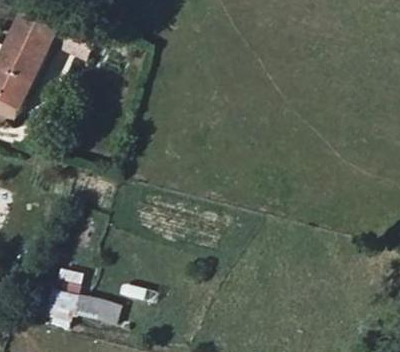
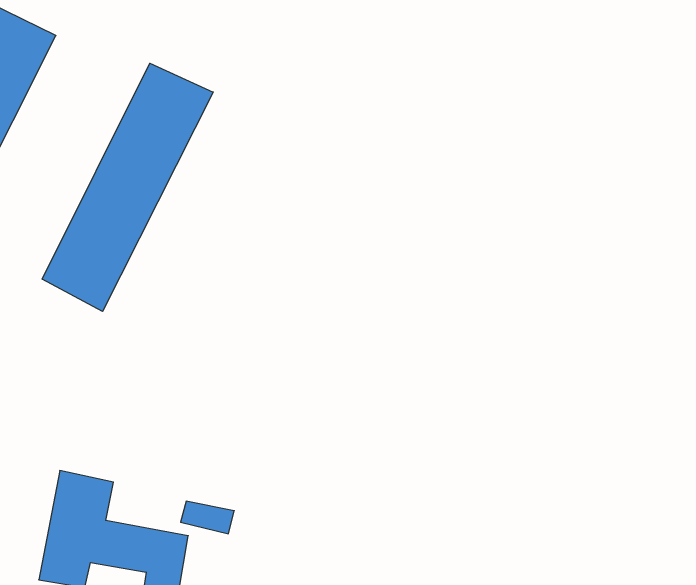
building: none -> [42,63,213,311]

